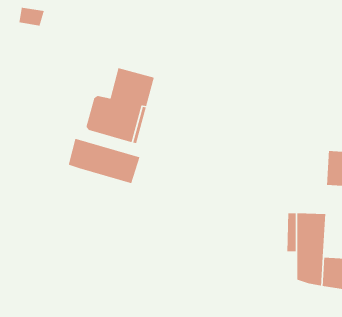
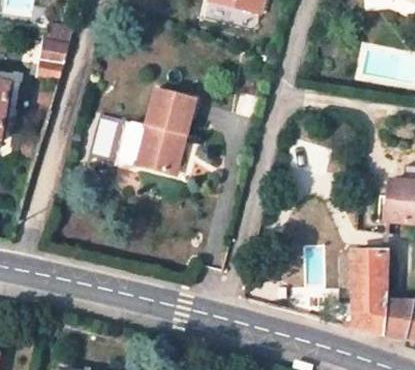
building: none -> [38,40,69,78]
building: [68,138,141,184] -> none

